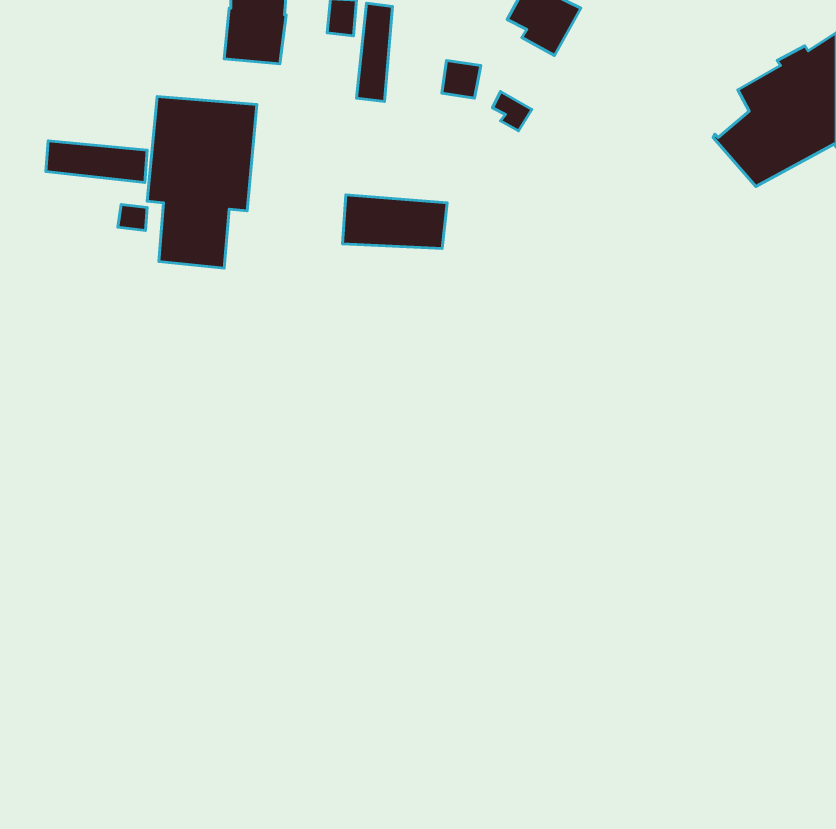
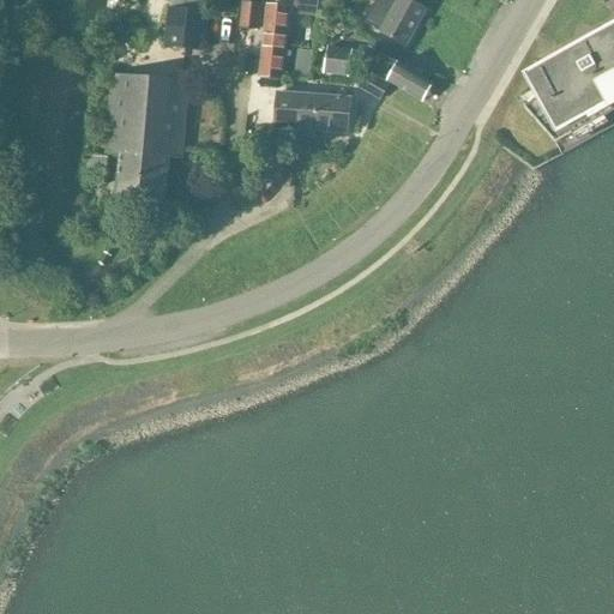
building: none -> [375,52,434,97]
building: [46,141,147,183] -> none
building: [342,195,447,249] -> [275,89,351,128]

